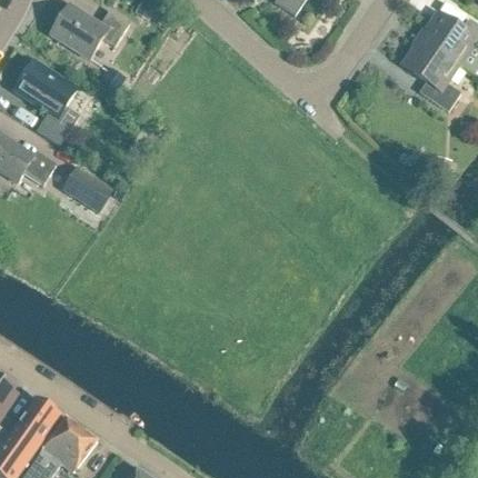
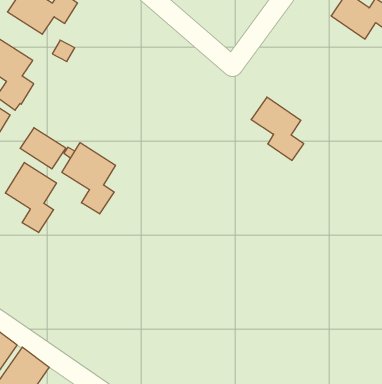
building: [400,38,460,110] -> [251,97,304,160]
building: none -> [62,143,115,214]
building: none -> [5,162,56,233]

